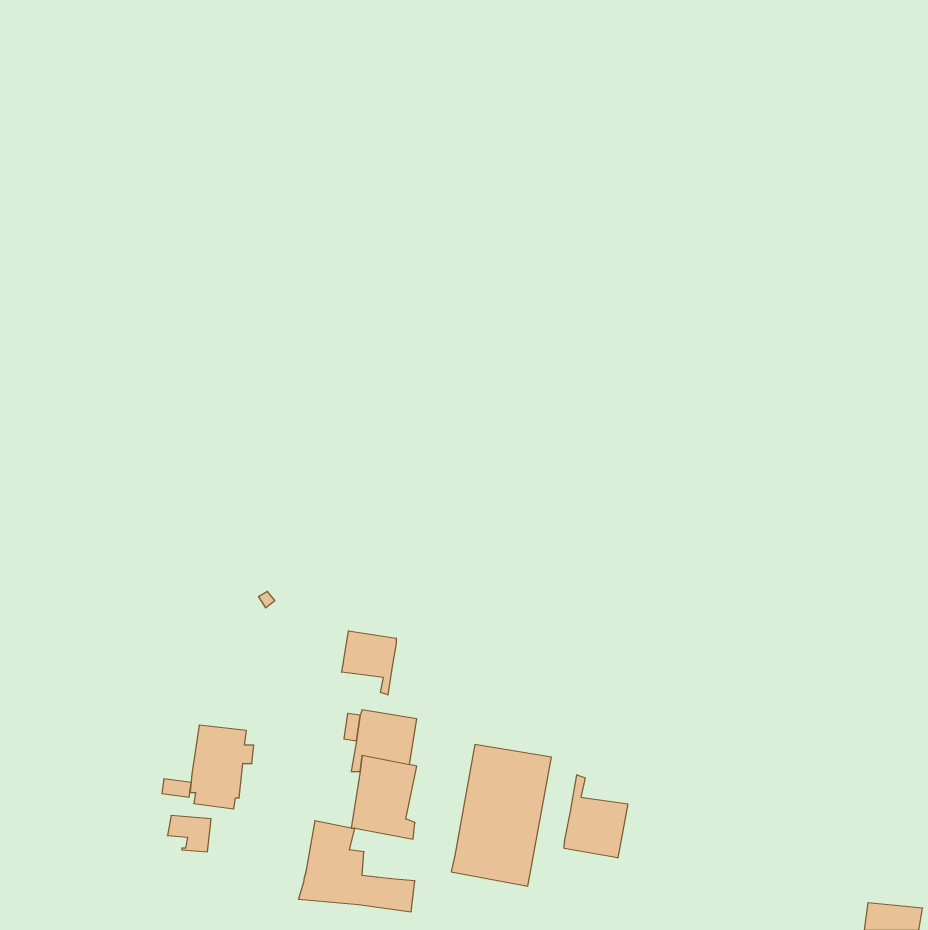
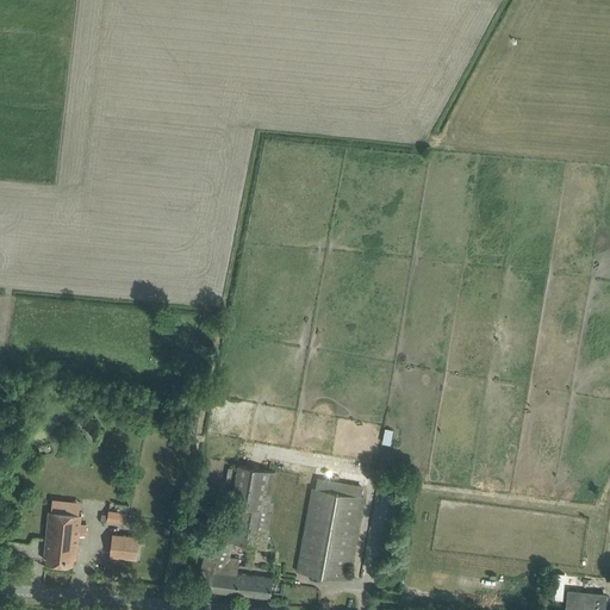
building: [342,631,396,695] -> none
building: [190,725,254,809] -> [43,510,85,565]
building: [564,775,628,858] -> none

